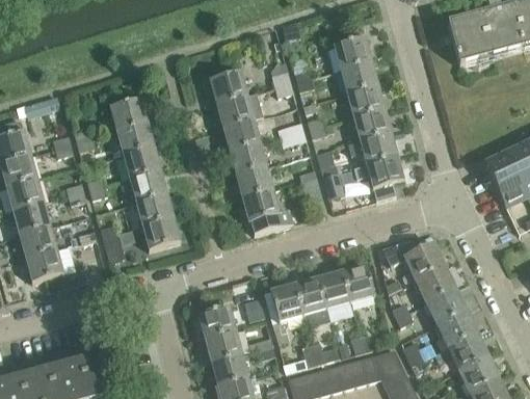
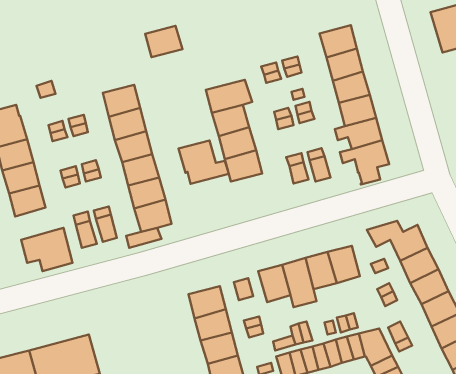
building: [209,71,247,103] -> [145,26,183,57]
building: [241,189,293,234] -> [178,141,229,184]
building: [19,224,57,258] -> none

